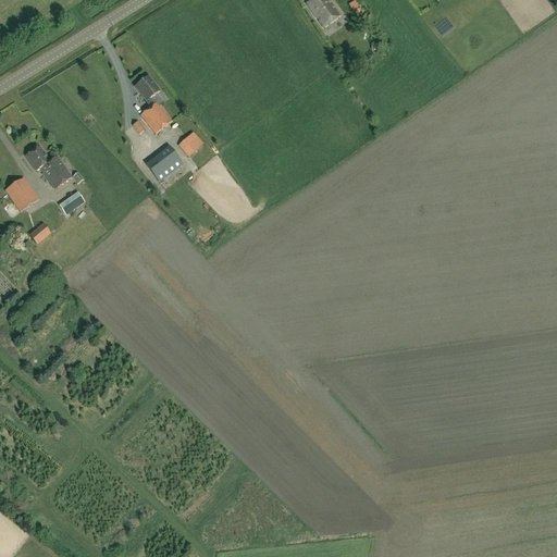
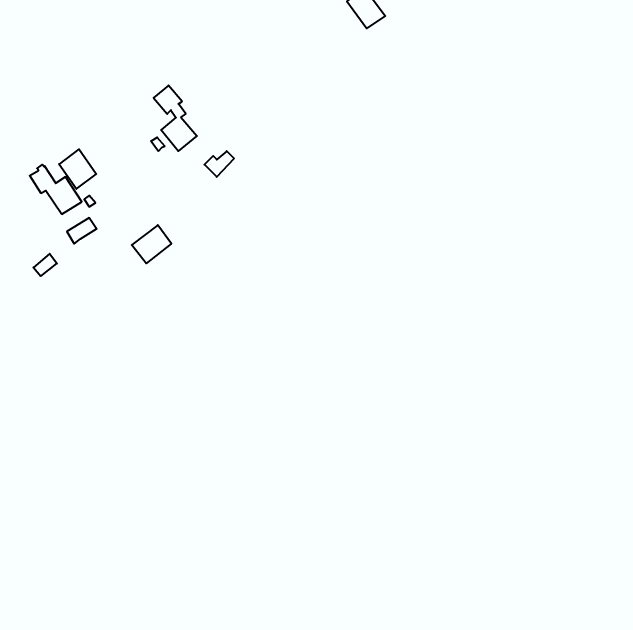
building: [147,146,182,180] -> [132,225,171,263]
building: [5,176,38,211] -> [59,149,96,189]

